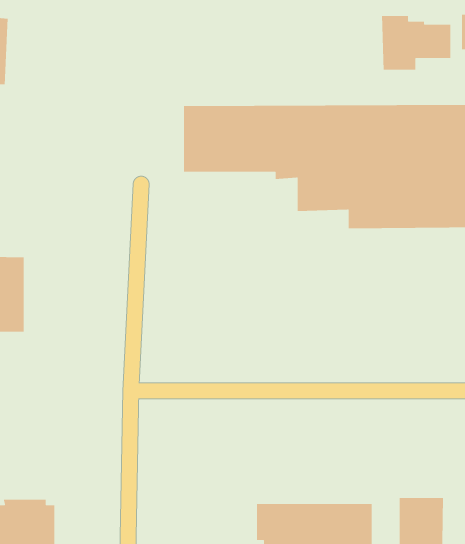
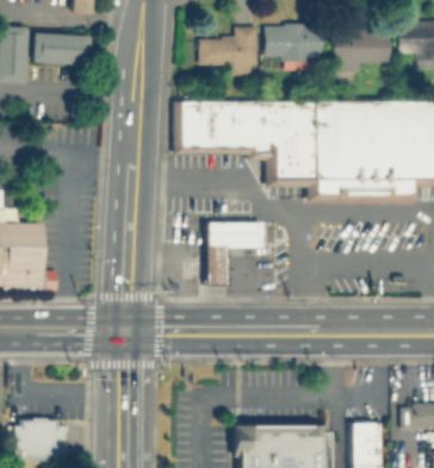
building: none -> [267,23,326,68]
building: none -> [203,27,260,74]
building: none -> [35,32,91,65]
building: none -> [207,221,265,283]

